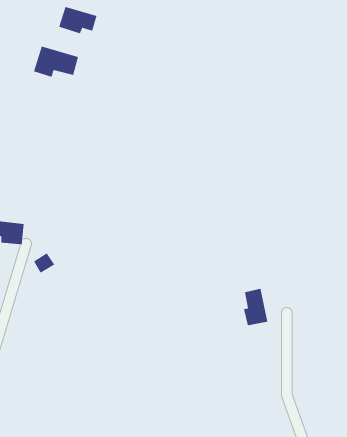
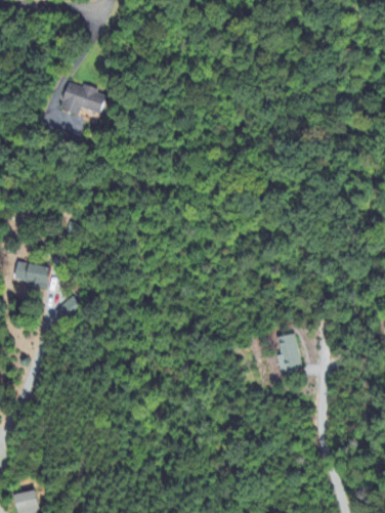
building: [58,6,97,34] -> none

